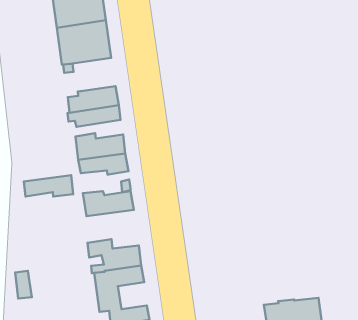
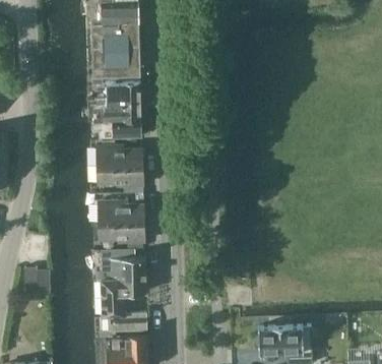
building: none -> [106,81,140,104]
building: [24,175,73,196] -> [99,223,144,241]

